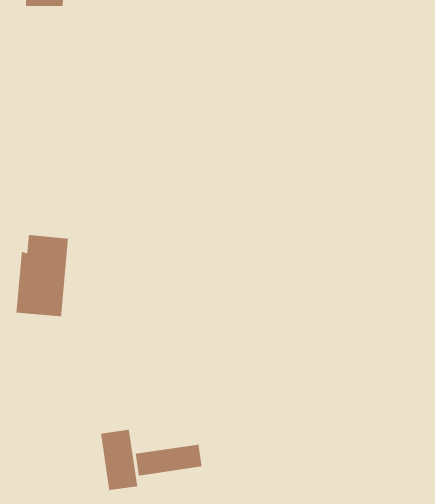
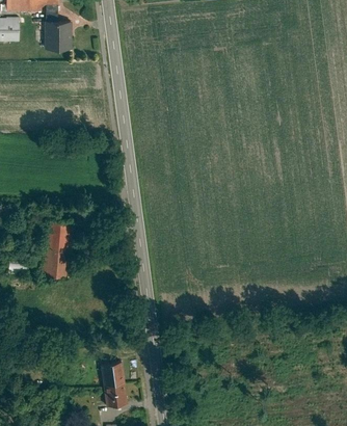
building: [135,444,203,476] -> none

